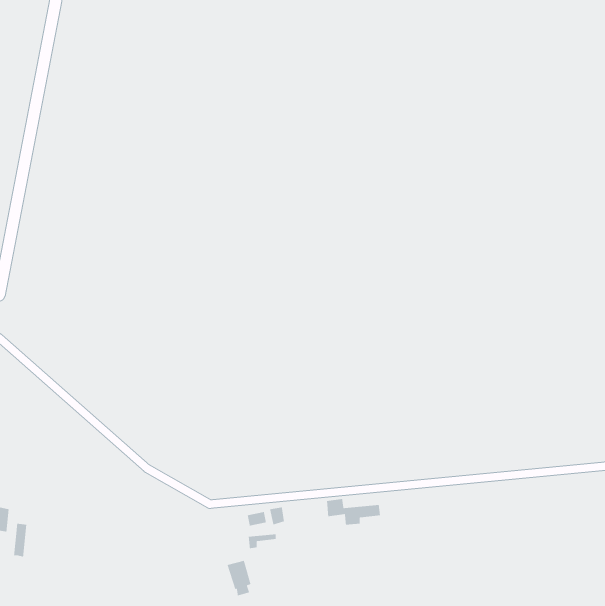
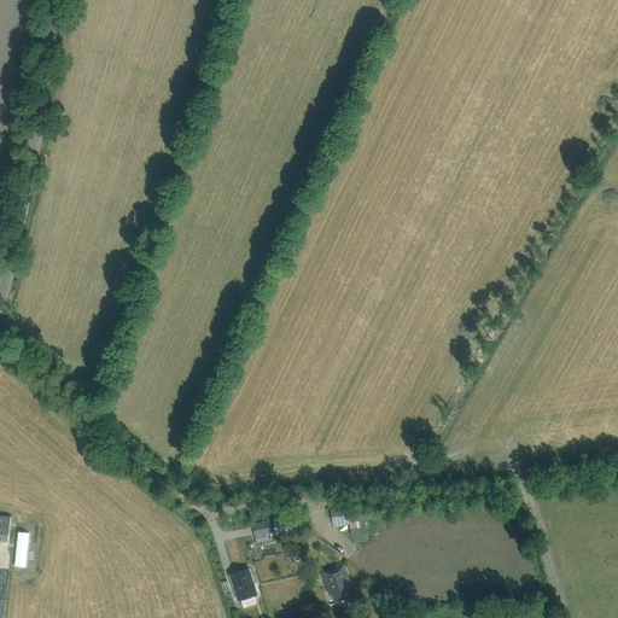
building: none -> [321,562,350,604]

